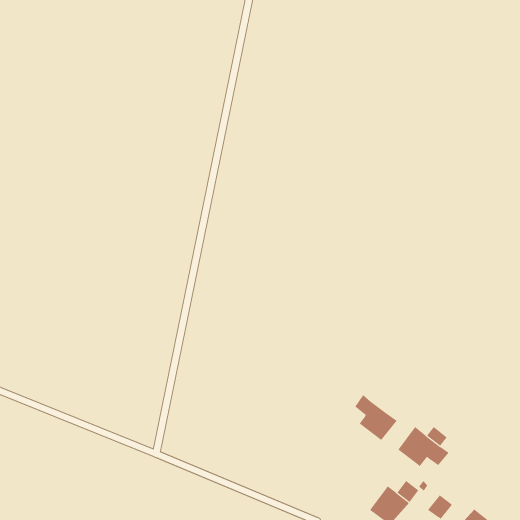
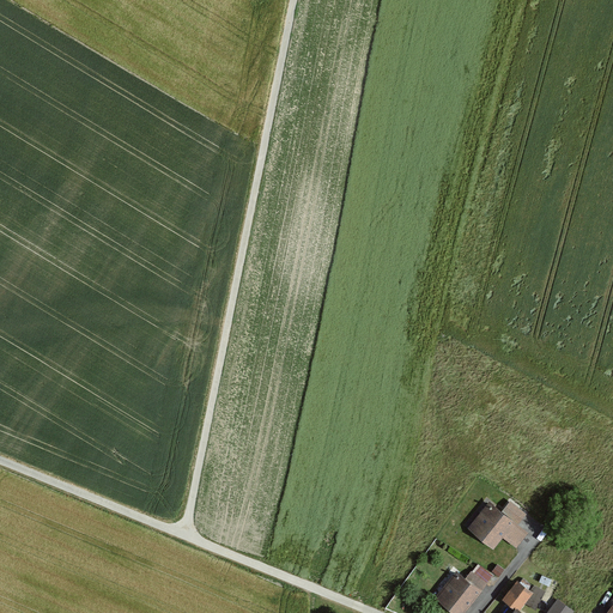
building: [354,394,397,441] -> none

